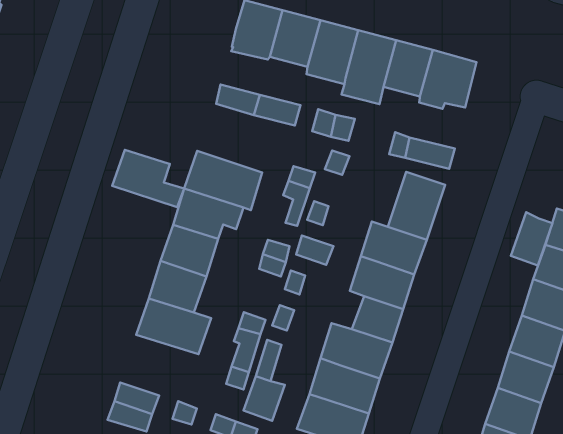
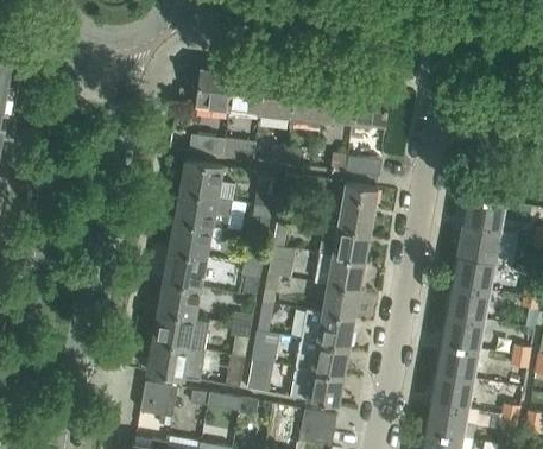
building: [112,150,184,207] -> [179,163,236,202]
building: [511,212,552,265] -> none
building: none -> [147,343,203,382]

